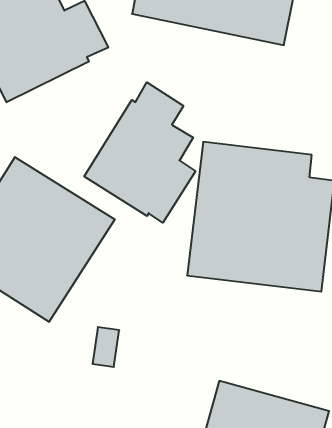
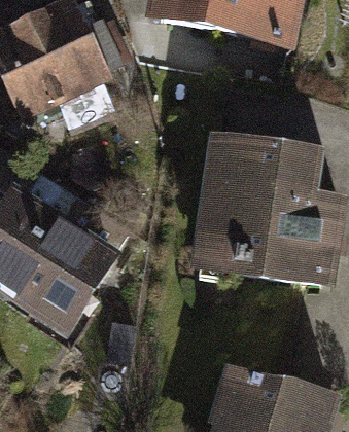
building: [84,82,195,223] -> none

